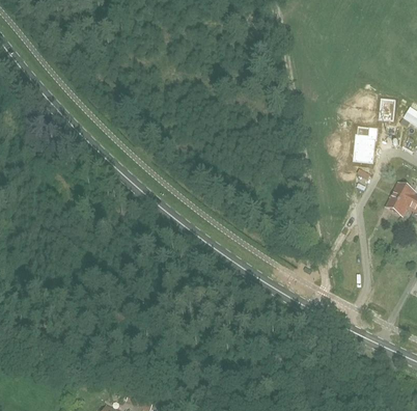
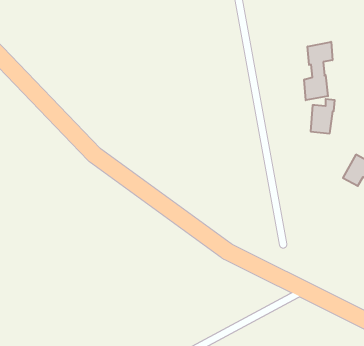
building: none -> [304,42,332,100]

